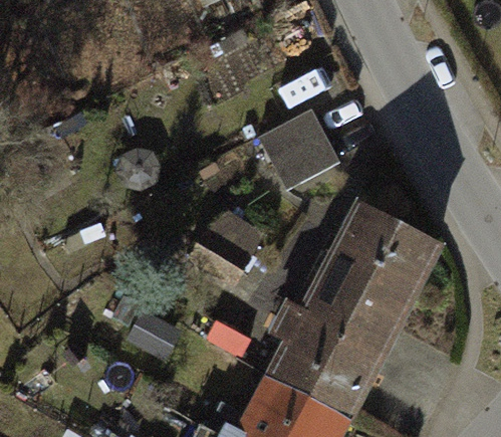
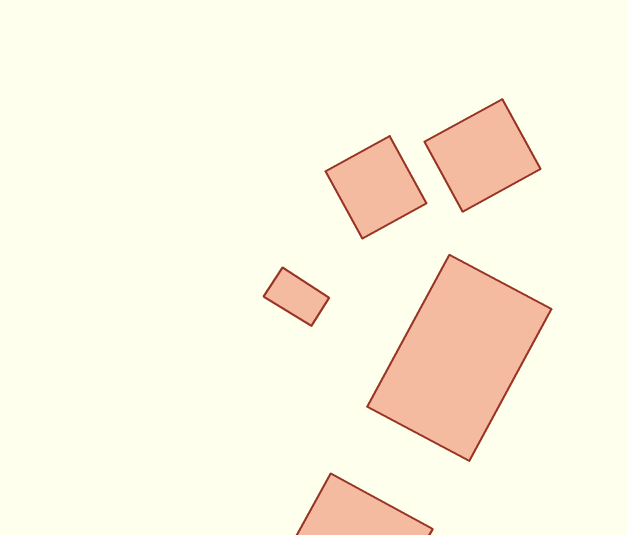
building: none -> [424,99,540,212]
building: [263,323,373,421] -> none

